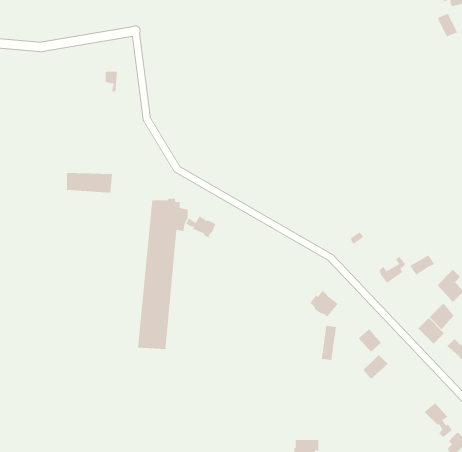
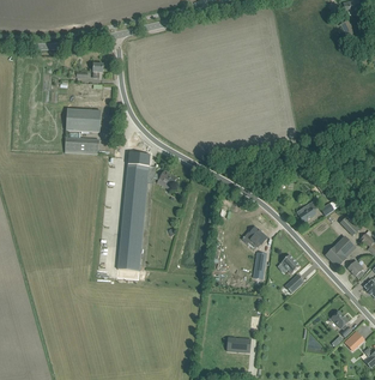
building: none -> [66,108,101,131]

